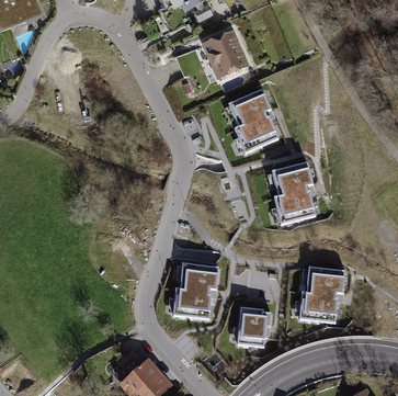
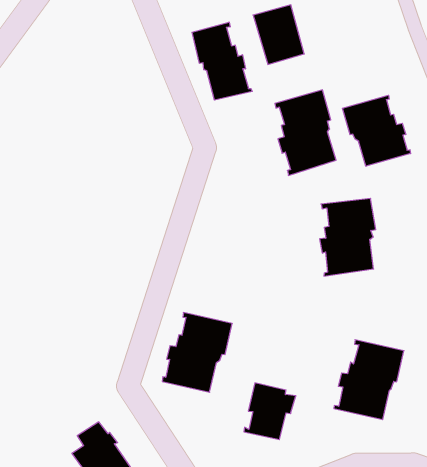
building: none -> [192,22,252,100]
building: none -> [343,95,411,166]

